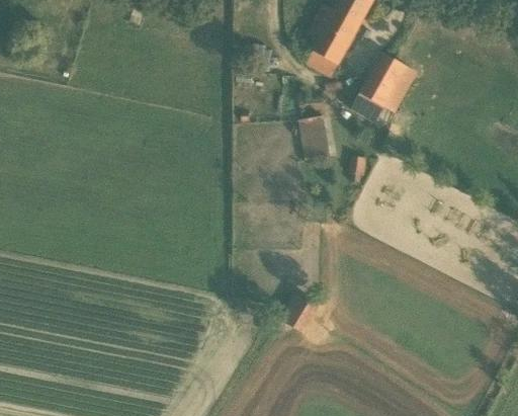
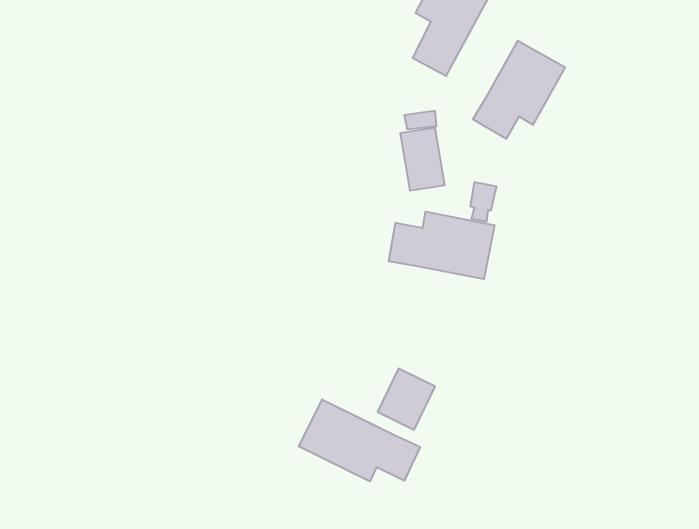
building: none -> [389,212,495,279]
building: none -> [299,399,420,481]

